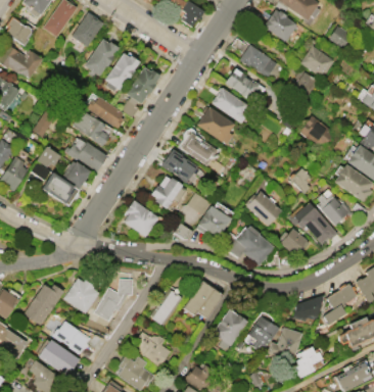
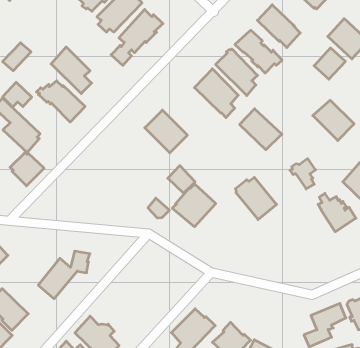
building: [87,96,124,129] -> none
building: [181,133,218,165] -> [240,109,282,150]
building: [62,161,91,189] -> [10,153,44,186]
building: [150,178,182,208] -> none
building: [124,200,158,237] -> none
building: [294,202,337,243] -> none
building: [228,226,275,265] -> none
building: [278,228,310,257] -> none
building: [63,278,100,313] -> none
building: [185,281,224,318] -> none
building: [150,289,183,325] -> none
building: [293,295,324,322] -> none

